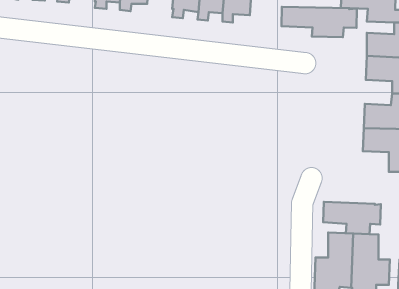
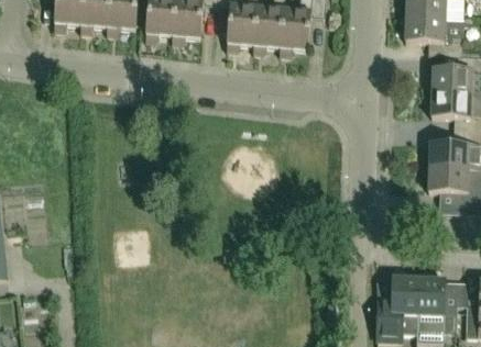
building: [282,7,357,37] -> none
building: [323,202,381,234] -> none

